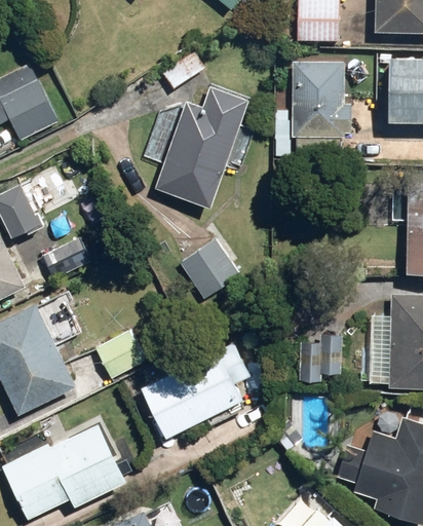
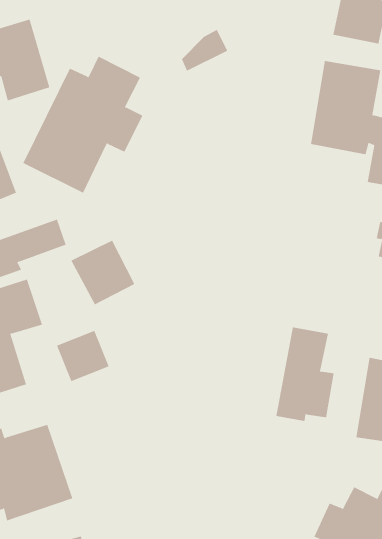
building: [155,88,255,211] -> [22,56,143,193]
building: [180,241,239,301] -> [71,240,135,305]
building: [123,340,252,441] -> none

